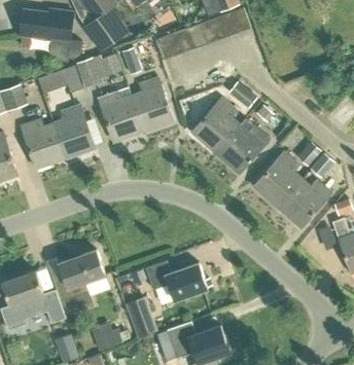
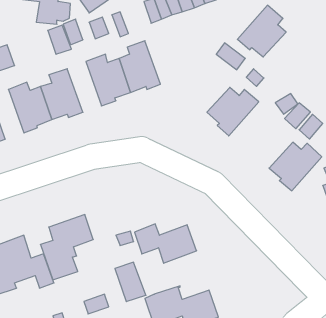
building: [191,98,240,149] -> [237,5,286,57]
building: [254,152,303,205] -> none

